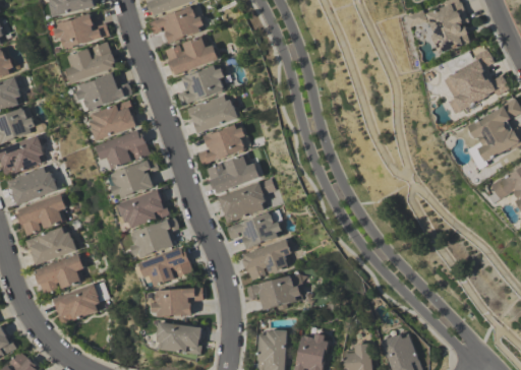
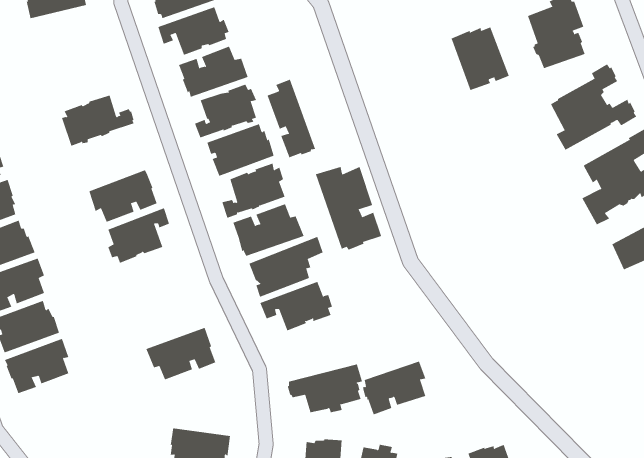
building: [54,12,109,49] -> none
building: none -> [451,26,509,91]
building: [67,41,115,82] -> none
building: none -> [267,79,316,158]
building: [91,99,138,140] -> none
building: none -> [315,166,382,250]
building: [114,188,169,228] -> none
building: [131,217,178,258] -> none
building: [242,240,290,281] -> [362,361,426,415]
building: [51,282,108,324] -> none
building: [153,288,202,316] -> none

